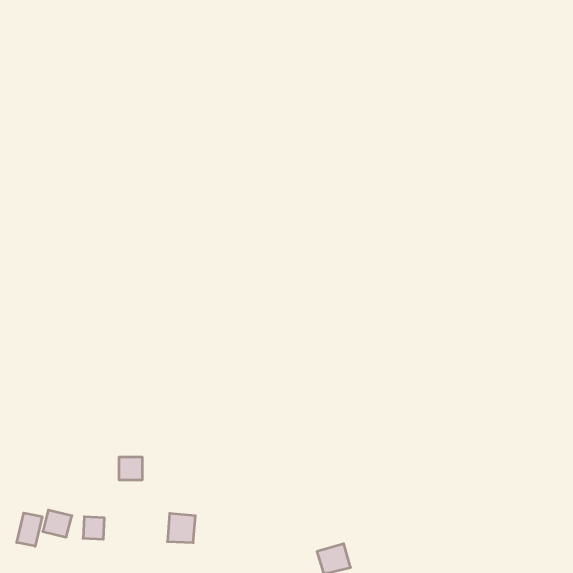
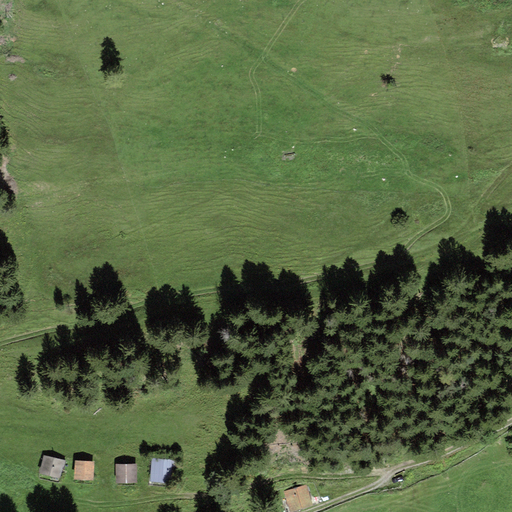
building: [119,457,142,480] -> [114,463,135,483]
building: [17,513,42,546] -> none

